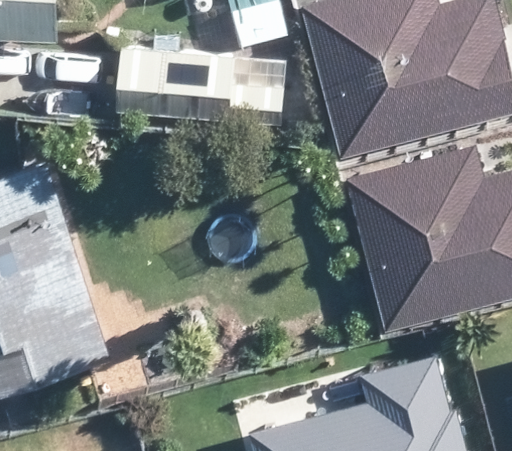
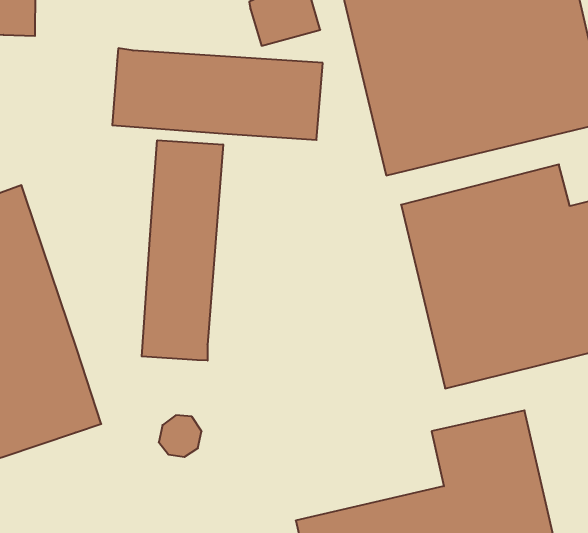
building: none -> [142,140,223,361]

